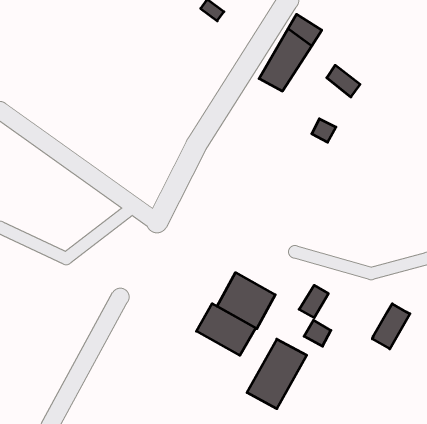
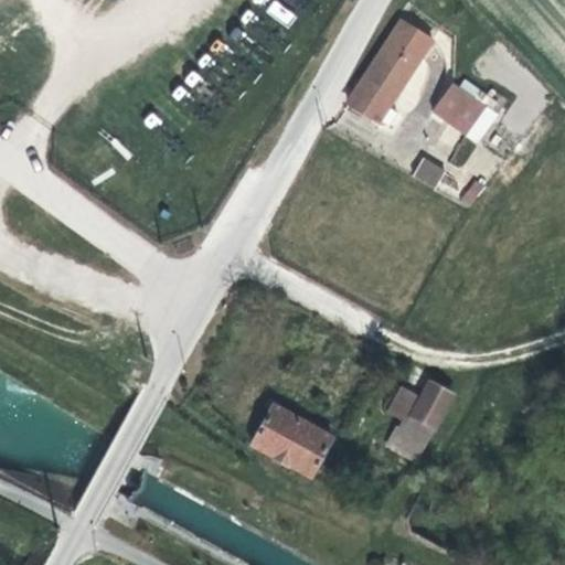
building: [217,273,275,329] -> none
building: [372,304,410,349] -> [414,381,463,440]
building: [247,339,307,409] -> none

